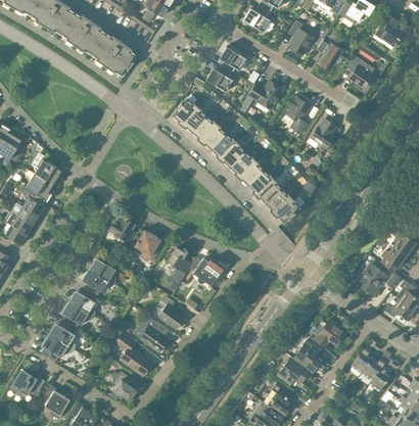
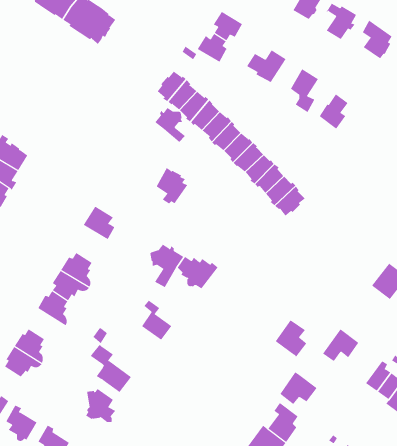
building: none -> [155,107,186,143]
building: [135,229,162,261] -> [156,167,188,204]
building: [61,301,94,328] -> none
building: [139,320,169,352] -> none
building: [293,339,321,372] -> [275,320,307,358]

